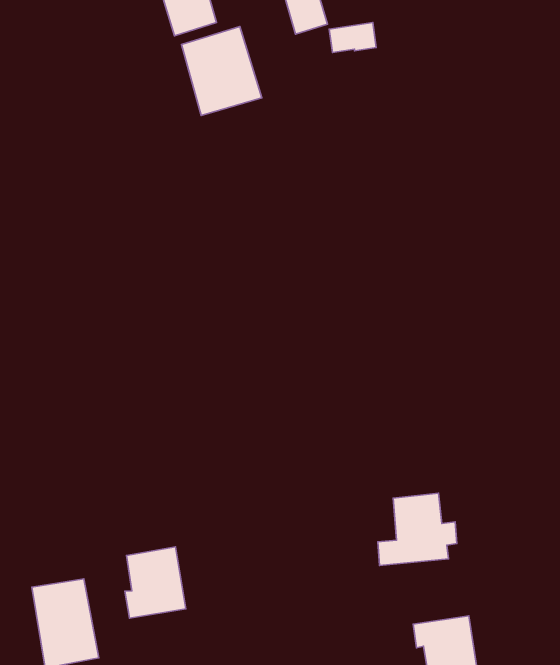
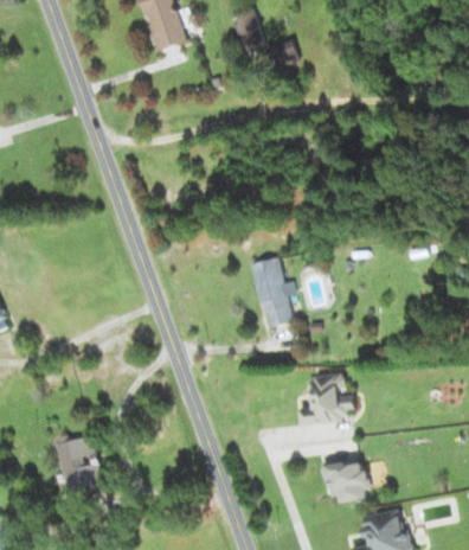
building: [182,26,262,116] -> none
building: none -> [252,257,295,327]
building: [125,547,186,618] -> none

